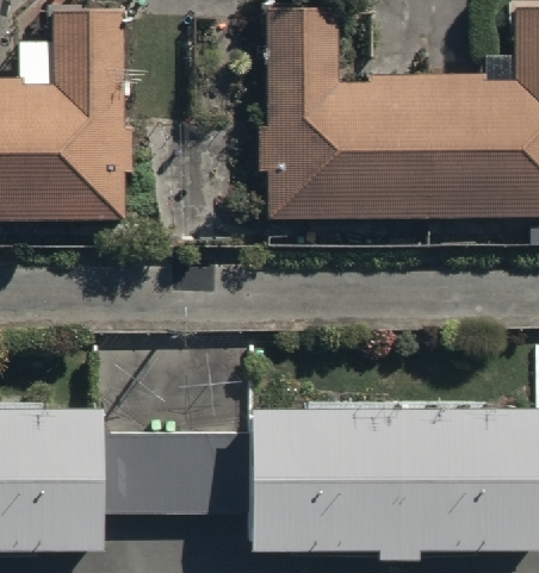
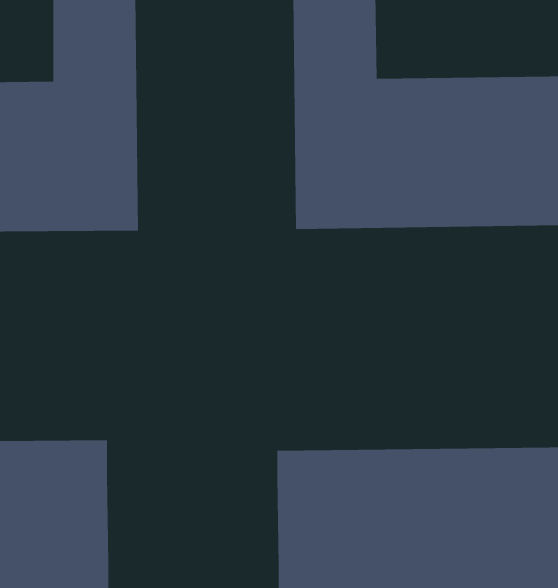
building: [101,432,252,512] -> none

